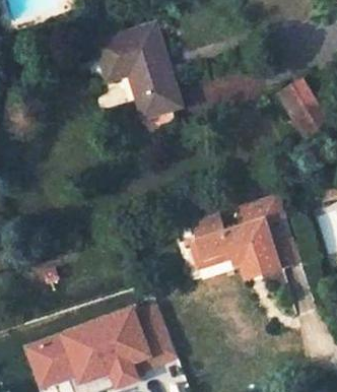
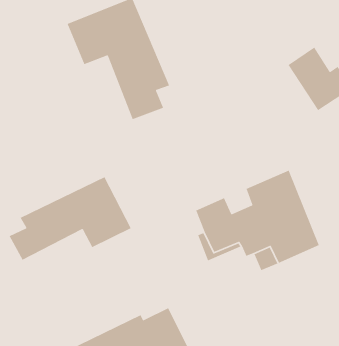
building: none -> [9,176,132,261]

